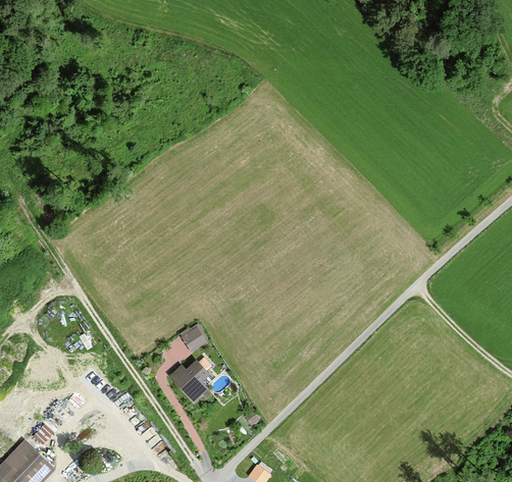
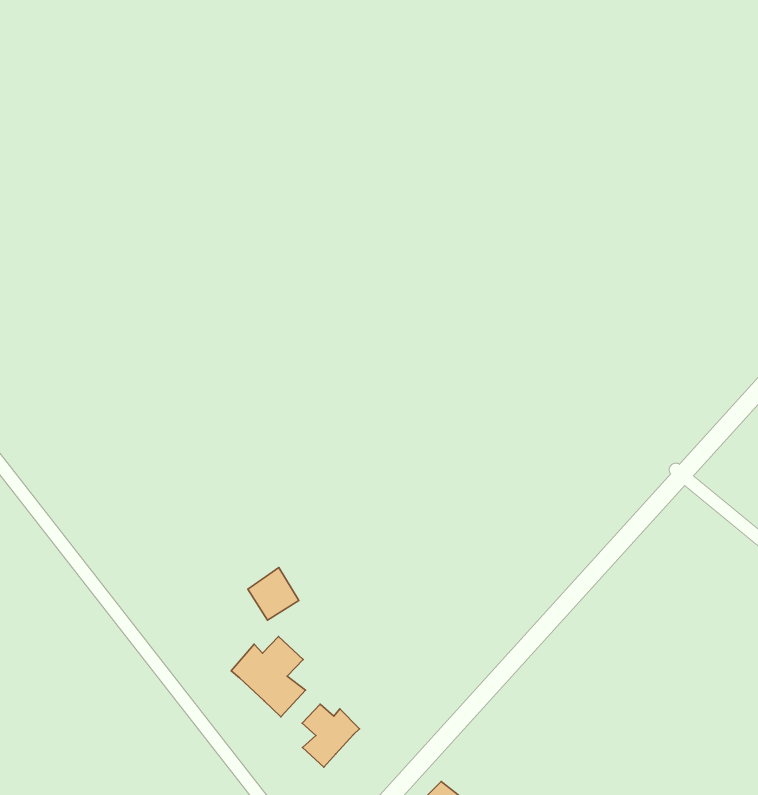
building: none -> [302,704,360,767]

